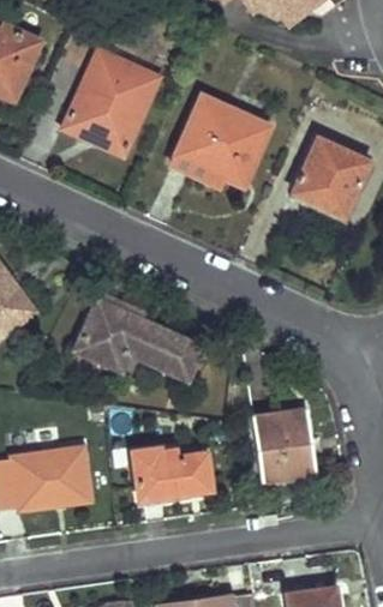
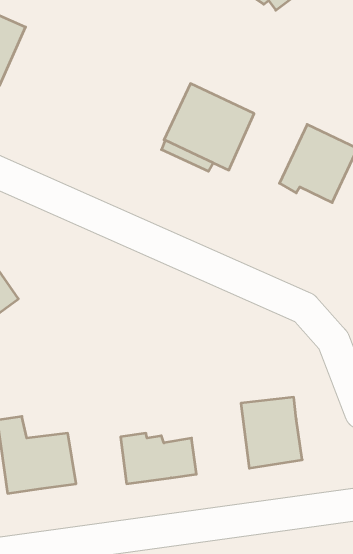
building: [62,52,157,155] -> none
building: [73,299,202,380] -> none

